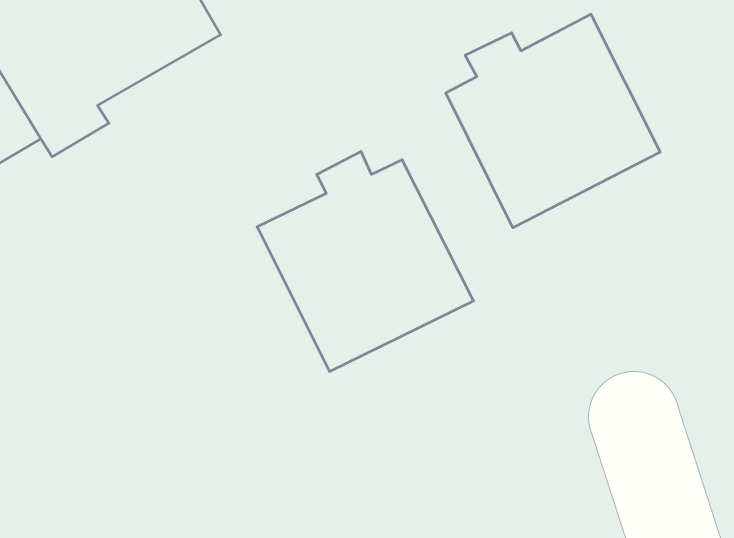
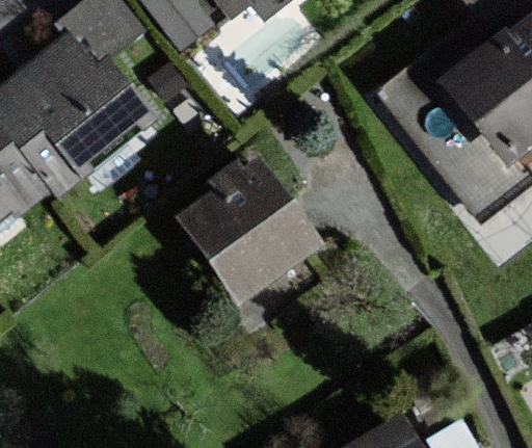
building: [446,14,660,228] -> none

